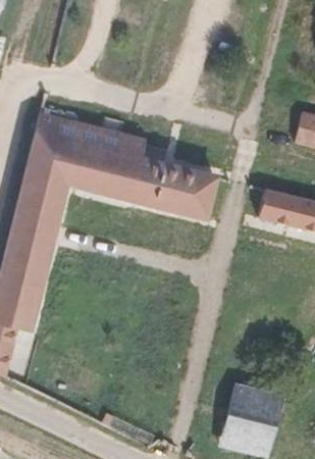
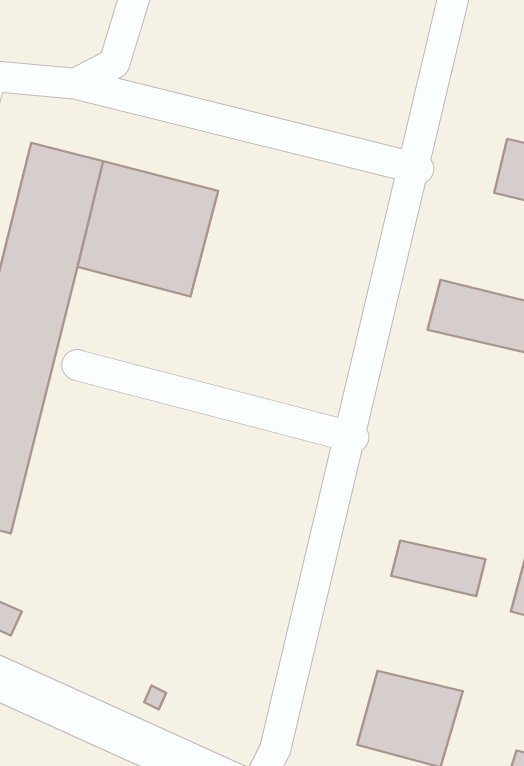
building: [129,158,217,218] -> none
building: [232,386,284,416] -> [391,541,486,596]

